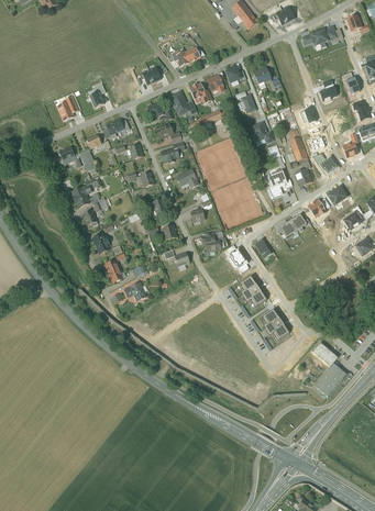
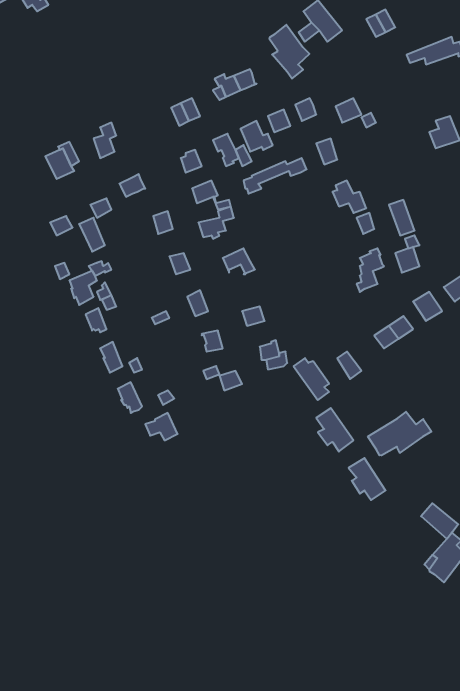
building: none -> [270,25,309,79]
building: none -> [368,412,431,455]

